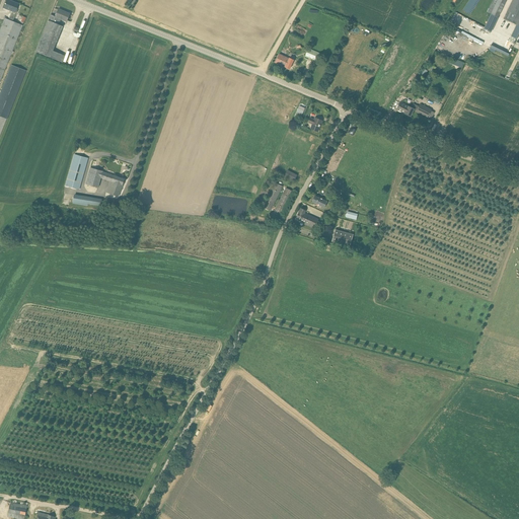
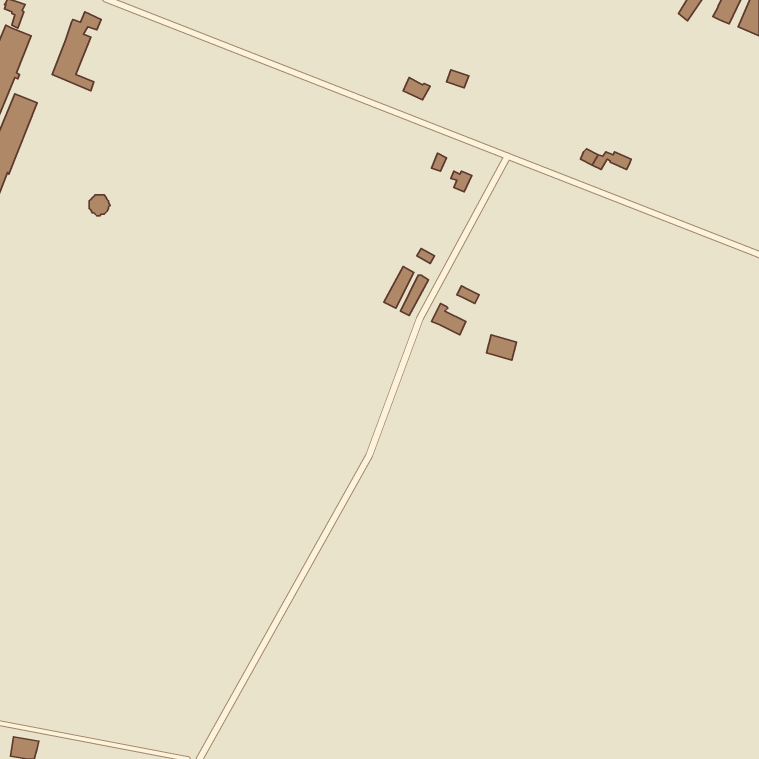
building: [65,153,87,189] -> none
building: [85,166,124,196] -> none

